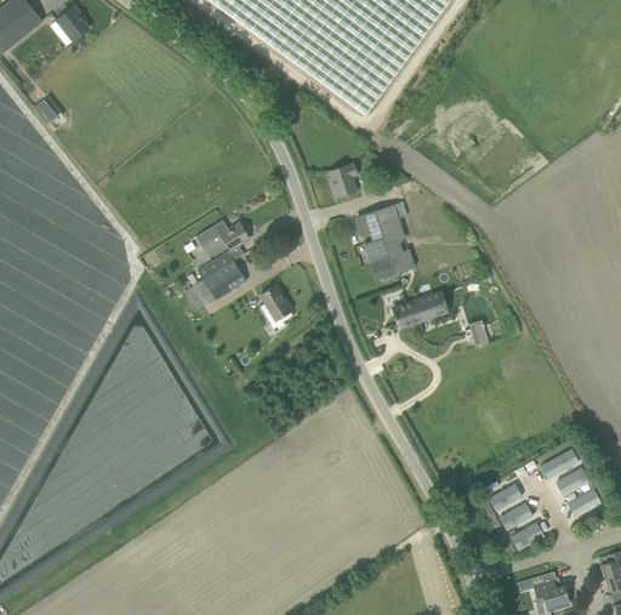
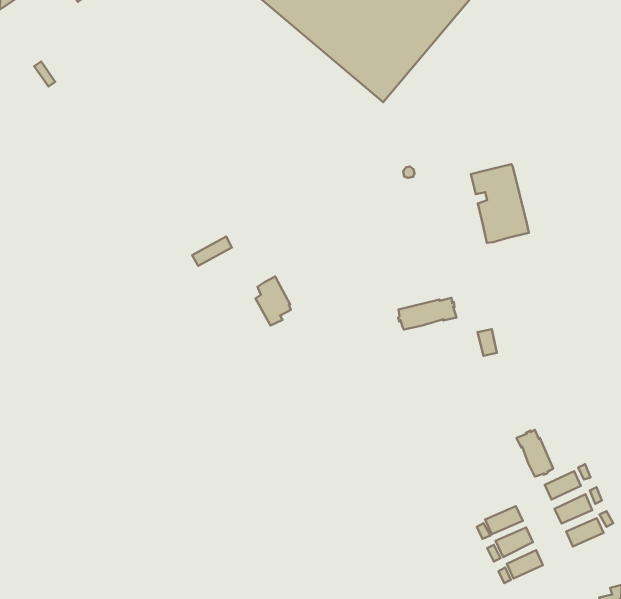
building: [327,161,358,197] -> none
building: [355,204,414,279] -> [471,164,529,243]
building: [195,220,249,250] -> none
building: [203,260,246,300] -> none
building: none -> [517,430,553,477]

